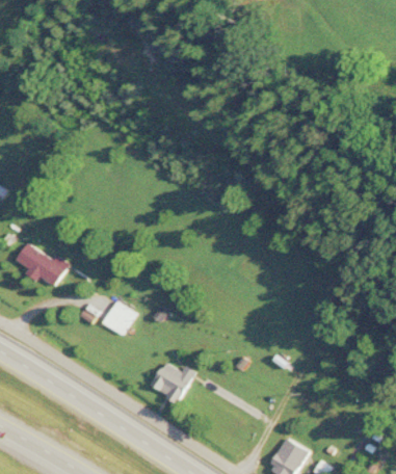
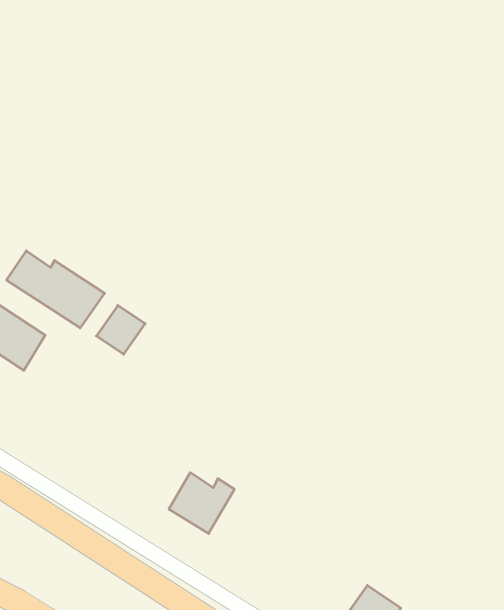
building: none -> [7,251,105,328]
building: [102,301,135,335] -> [96,305,145,354]

